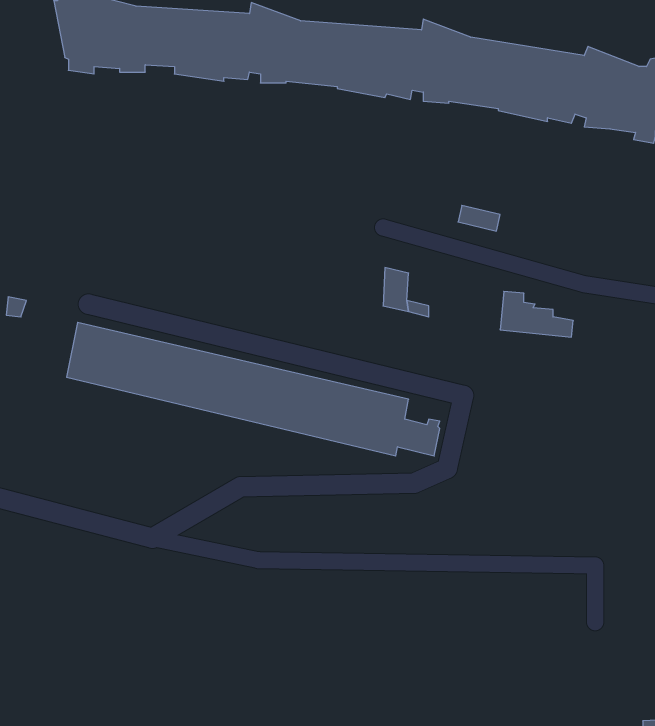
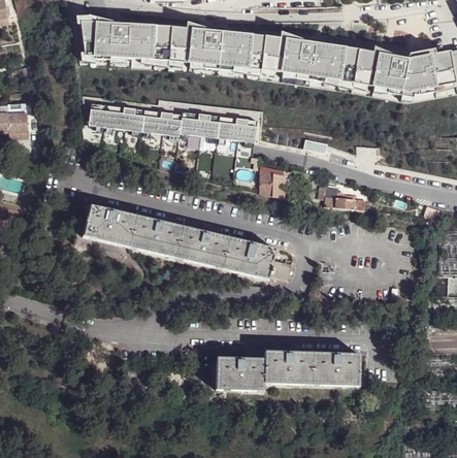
building: none -> [92,99,259,146]
building: none -> [218,350,363,390]

